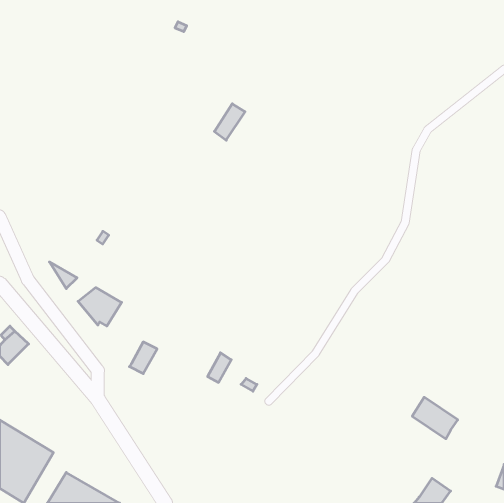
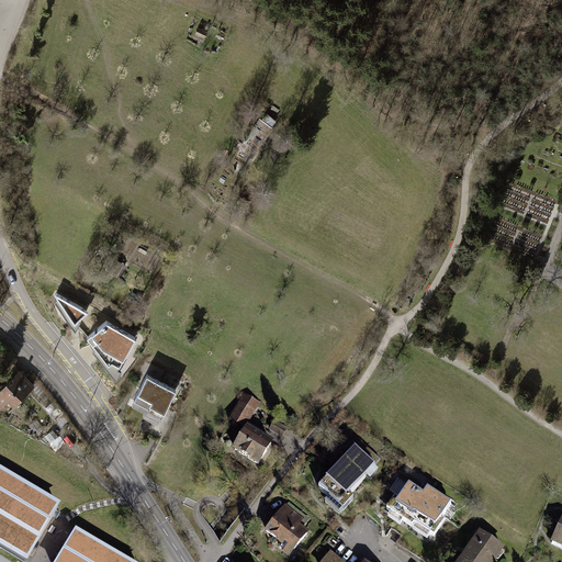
building: none -> [132,372,159,404]
building: none -> [234,426,270,462]
building: none -> [317,440,379,508]
building: [412,397,458,439] -> [394,484,445,530]
building: none -> [265,505,306,547]

